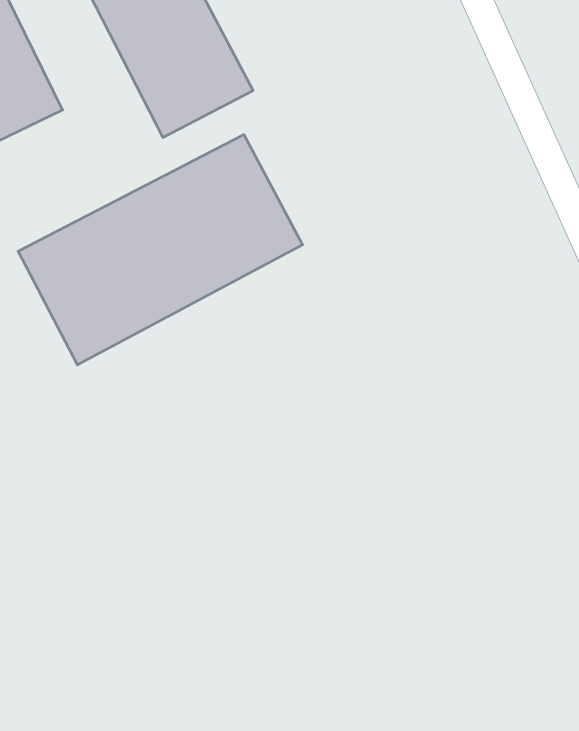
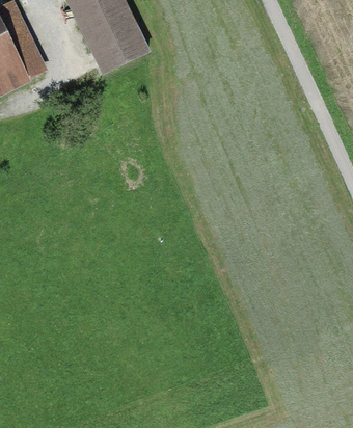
building: [18,135,303,365] -> none

